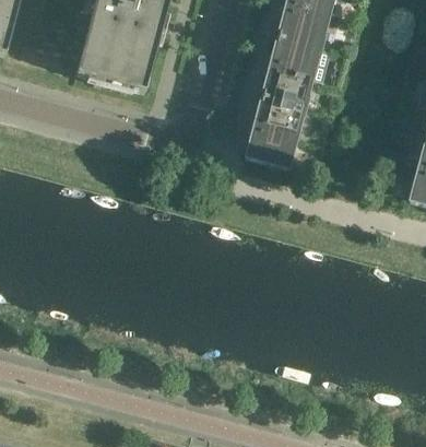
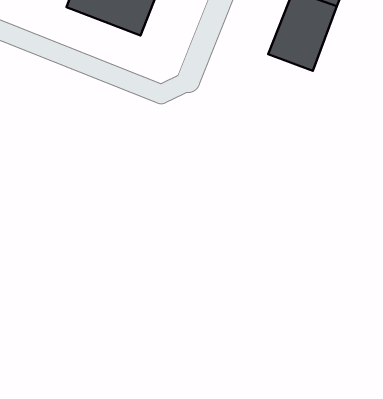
building: [246,96,303,167] -> none

